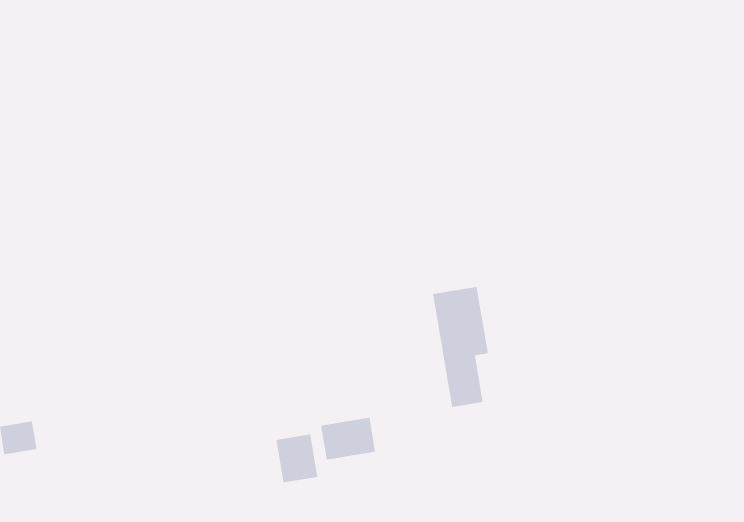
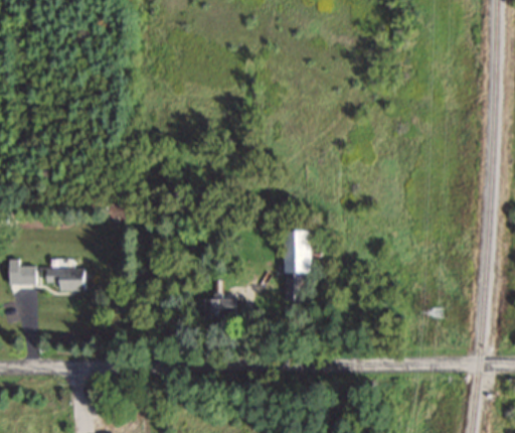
building: none -> [38,266,81,288]
building: [275,434,318,483] -> none

